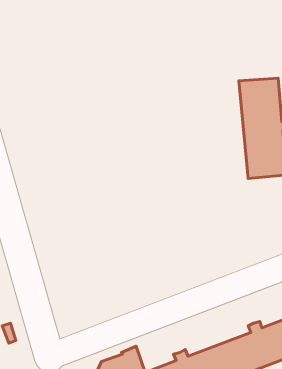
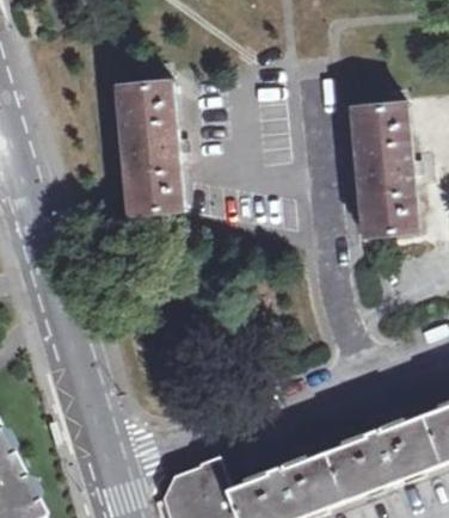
building: none -> [117,84,182,215]

